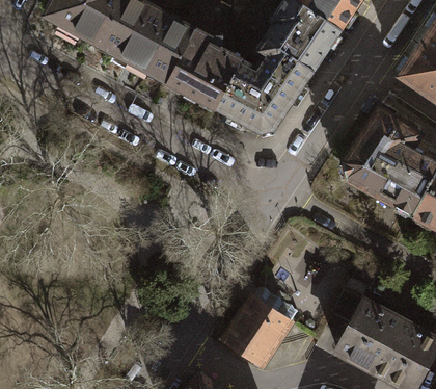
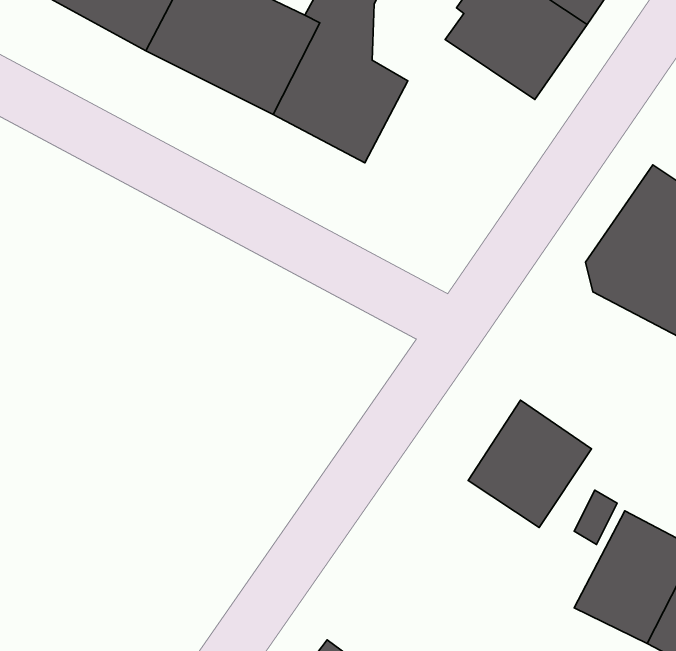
building: [219,38,314,133] -> none
building: [223,295,292,366] -> [468,400,592,527]

